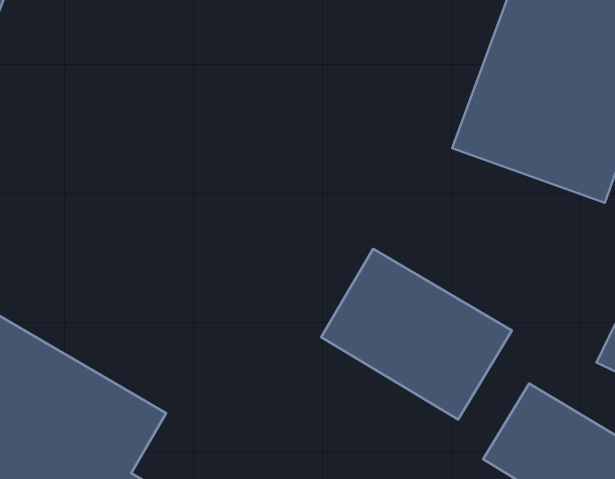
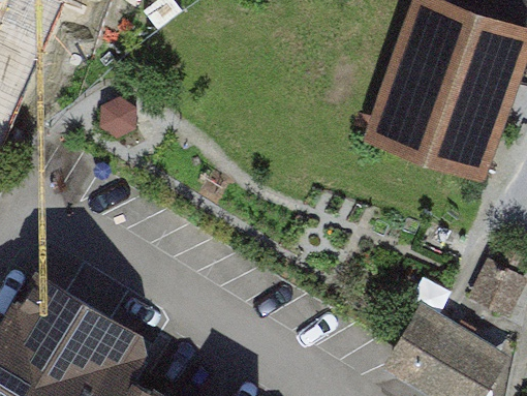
building: [321,249,512,420] -> none

